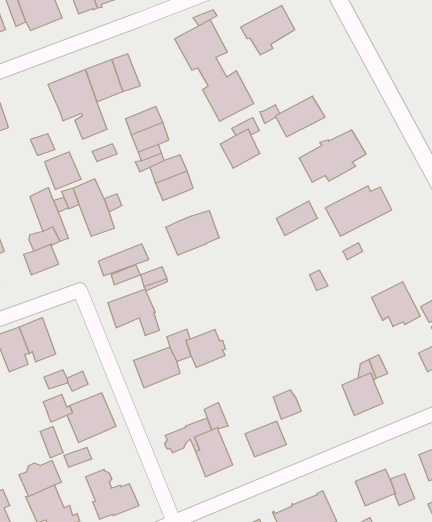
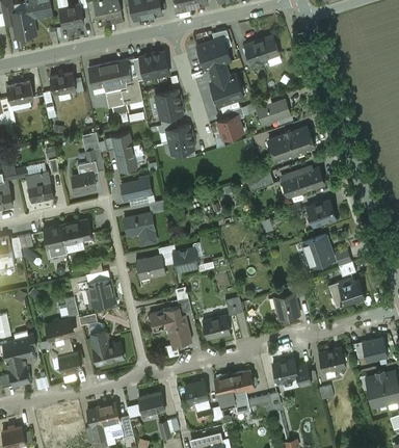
building: [45,152,81,189] -> [88,64,111,88]
building: [166,210,219,255] -> none
building: none -> [307,200,336,222]

